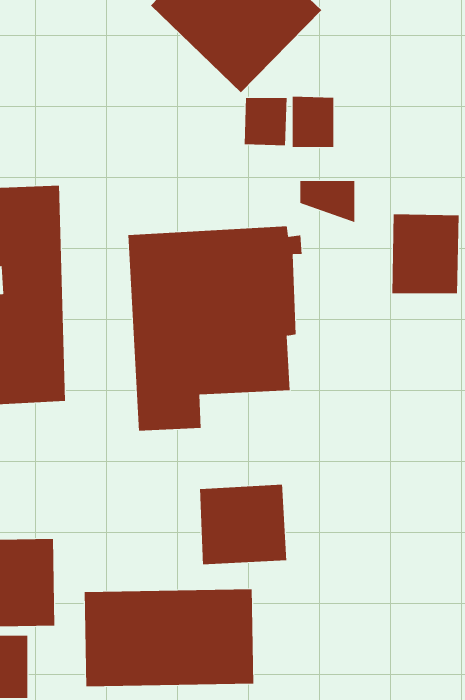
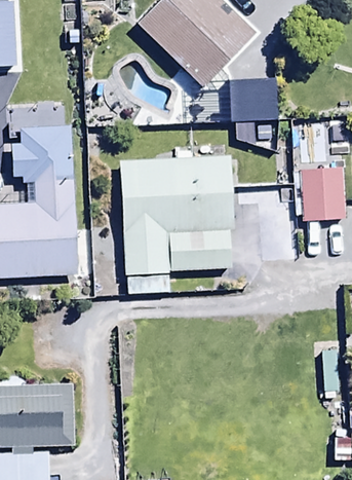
building: [200,484,287,565] -> none
building: [84,589,254,687] -> none

